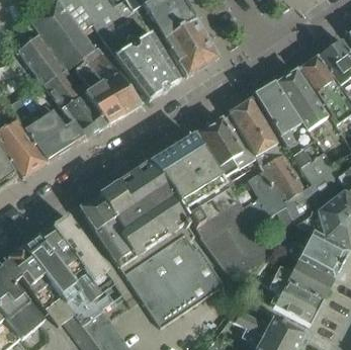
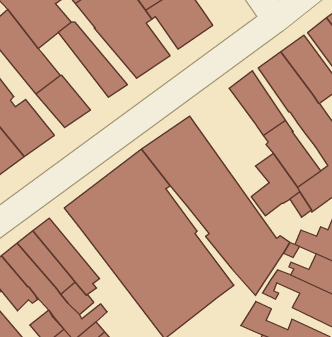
building: [64,55,122,123] -> none
building: [194,111,249,186] -> none

